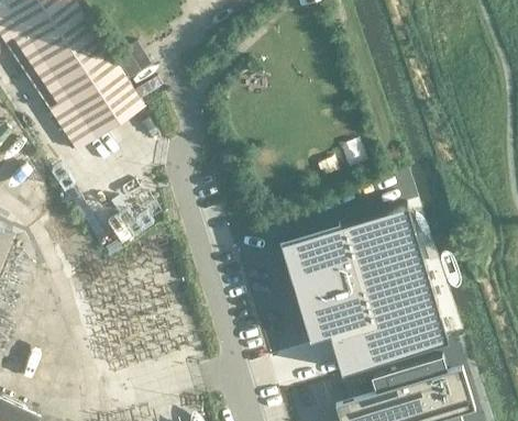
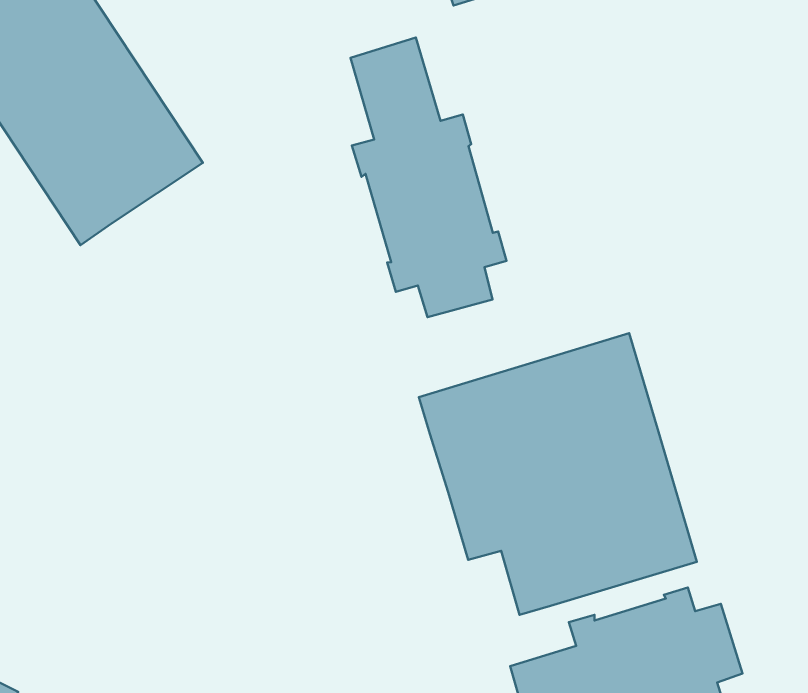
building: none -> [350,37,507,317]

